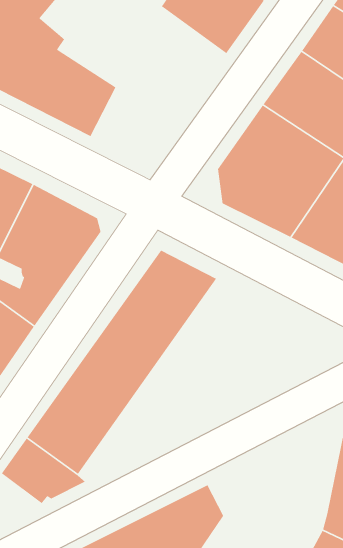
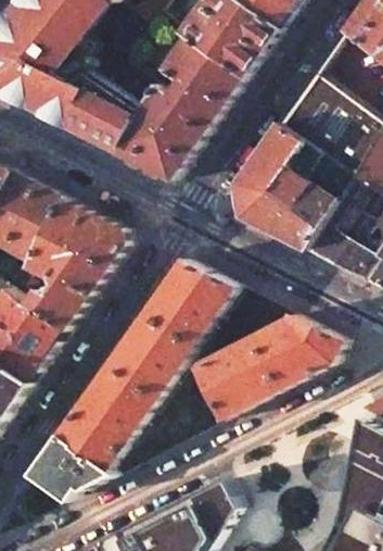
building: none -> [114,36,240,180]
building: none -> [192,314,340,419]

